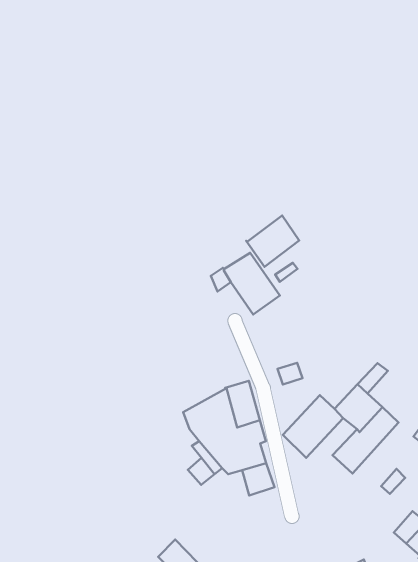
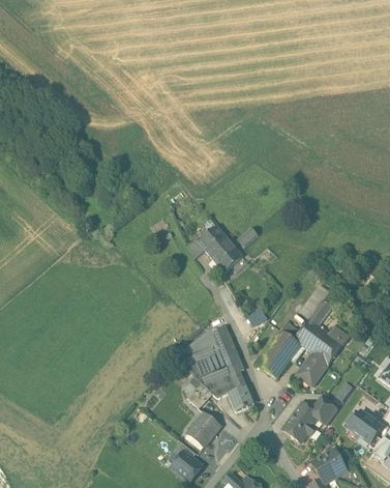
building: [246,216,299,267] -> none
building: none -> [281,398,336,441]
building: none -> [186,411,220,446]

